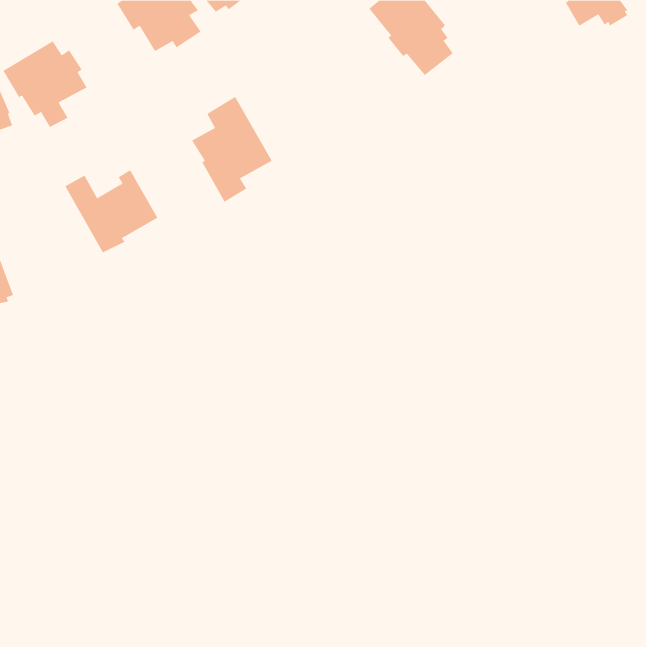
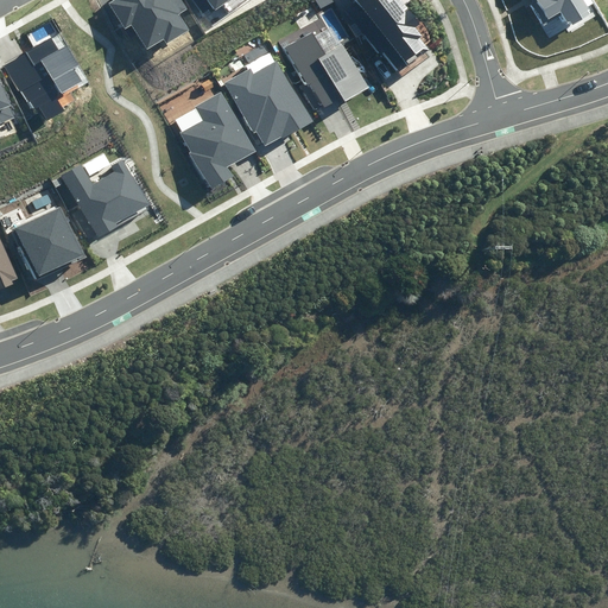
building: none -> [279,14,367,112]
building: none -> [223,61,311,146]
building: none -> [13,207,84,279]

